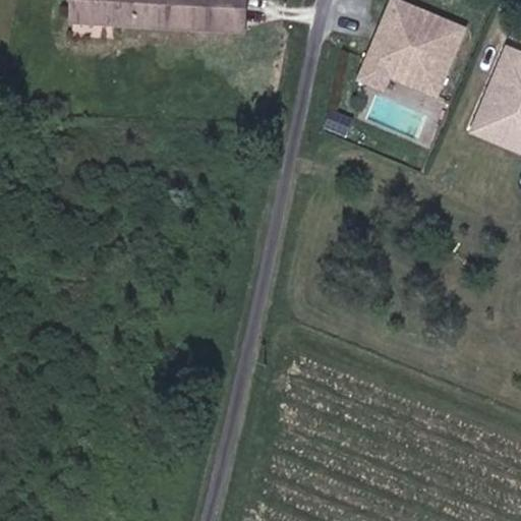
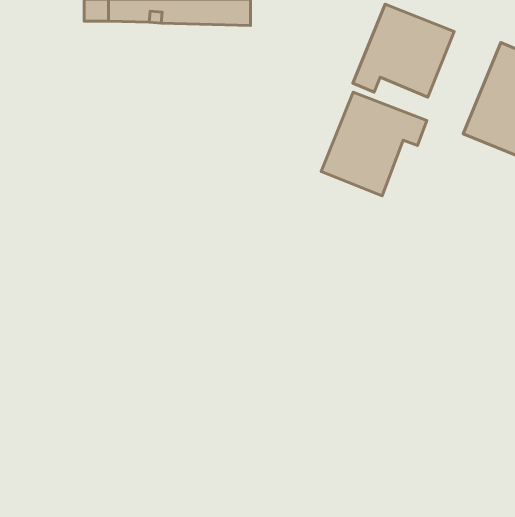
building: none -> [321,92,427,196]

